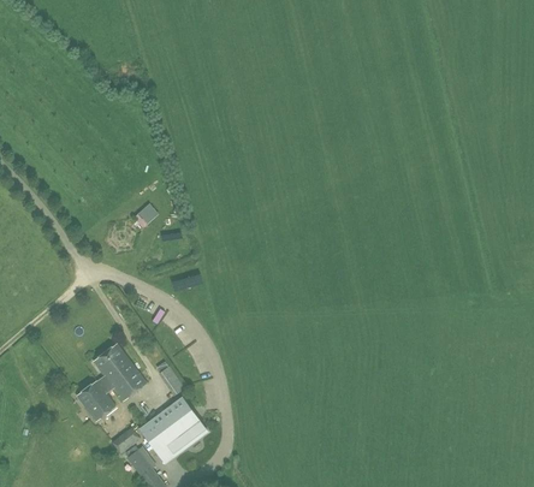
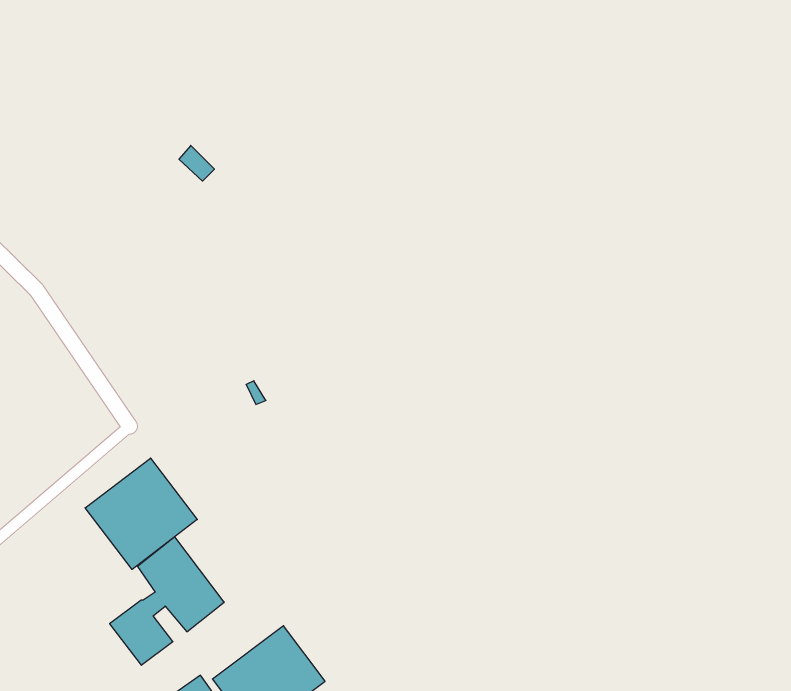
building: none -> [85,458,197,569]

